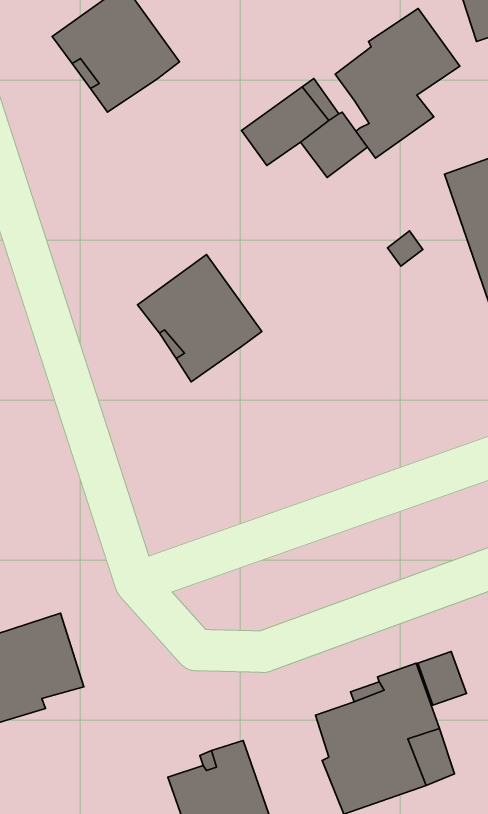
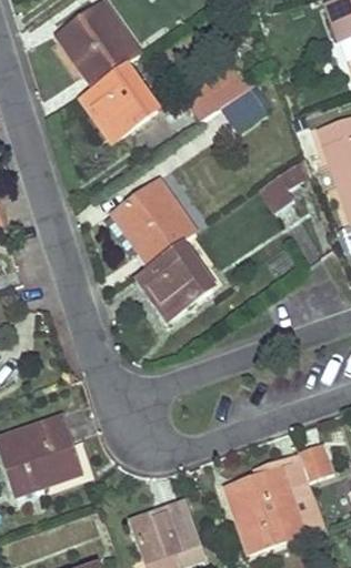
building: [335,9,460,158] -> none
building: none -> [80,63,159,140]
building: none -> [136,241,214,320]

